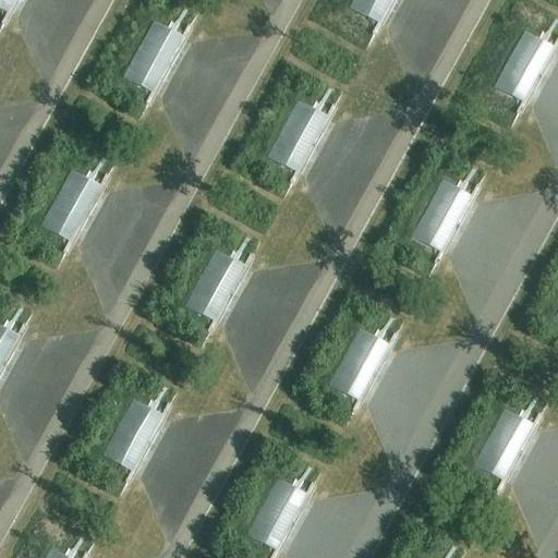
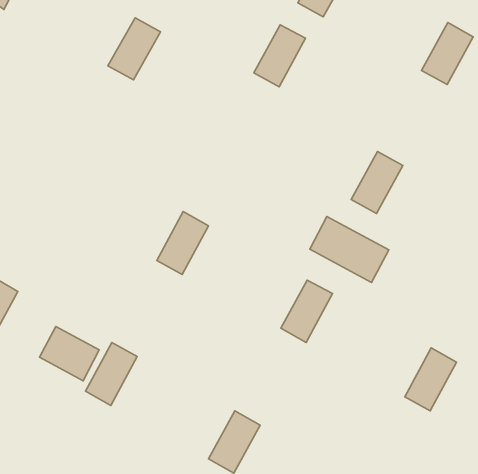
building: [264,97,324,169] -> [254,25,306,87]
building: [44,170,105,242] -> none
building: none -> [310,216,389,283]
building: none -> [40,326,99,381]

